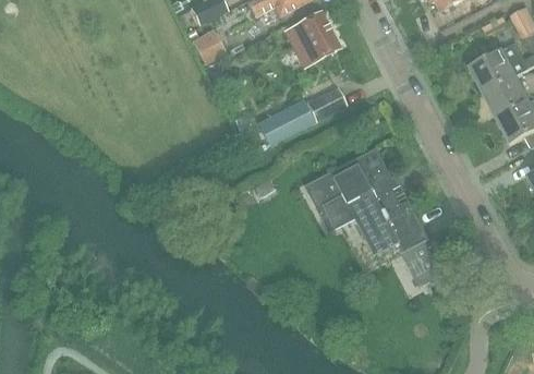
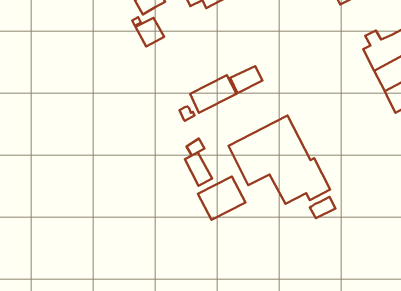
building: [283,12,340,67] -> none
building: none -> [185,152,212,186]
building: none -> [198,176,245,220]

